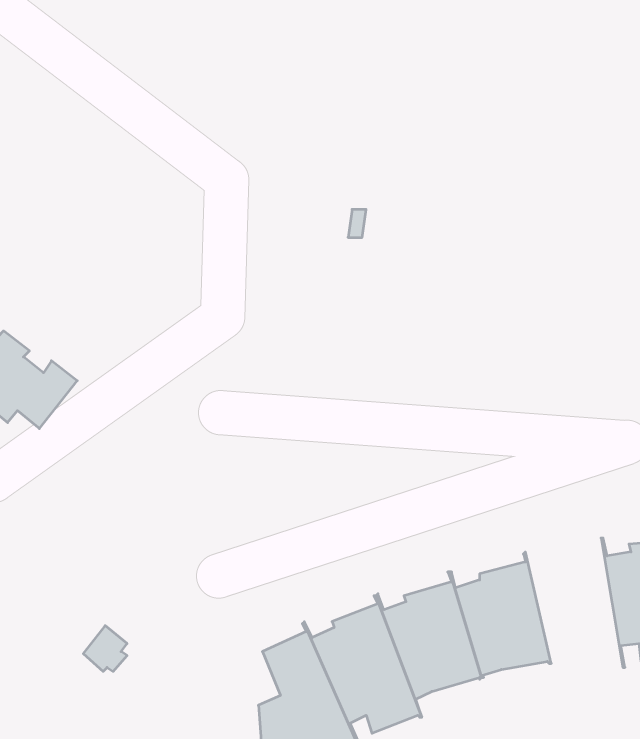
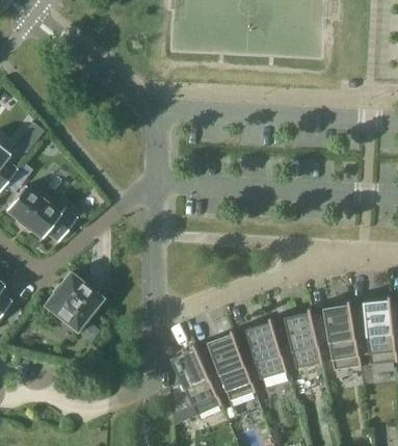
building: none -> [44,272,103,332]
building: none -> [312,299,363,370]

